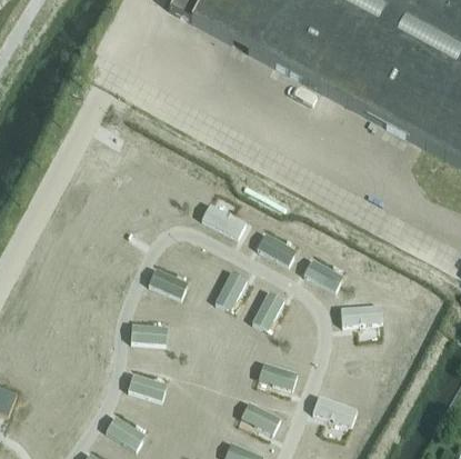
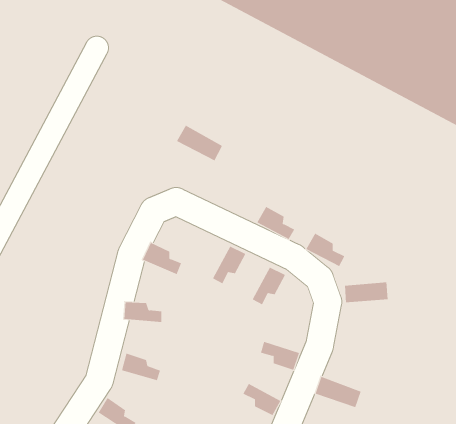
building: [201,204,245,239] -> [176,125,223,161]

